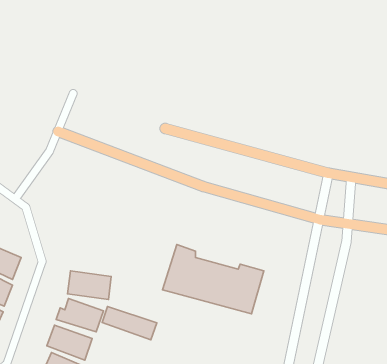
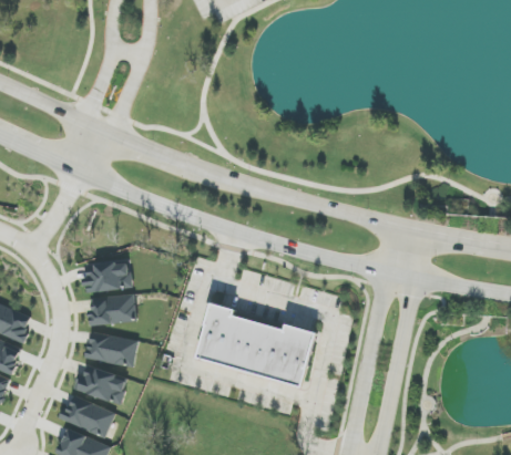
building: none -> [83,261,130,291]
building: none -> [89,294,134,324]
building: [102,306,157,340] -> none

